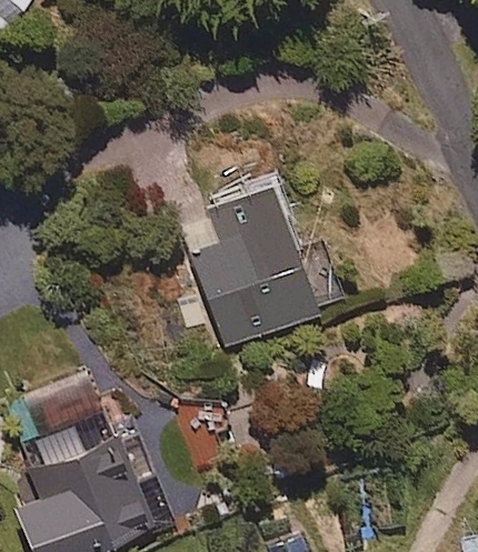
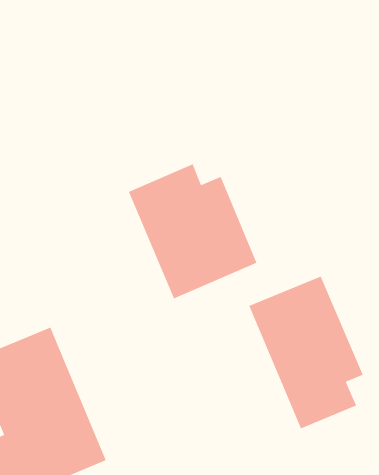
building: none -> [248,275,364,429]

